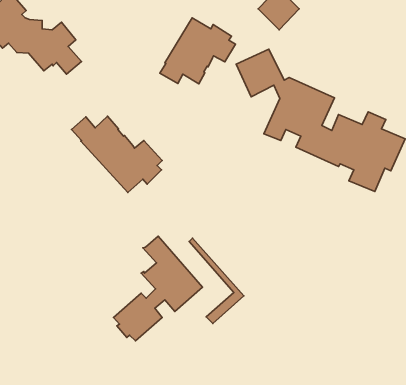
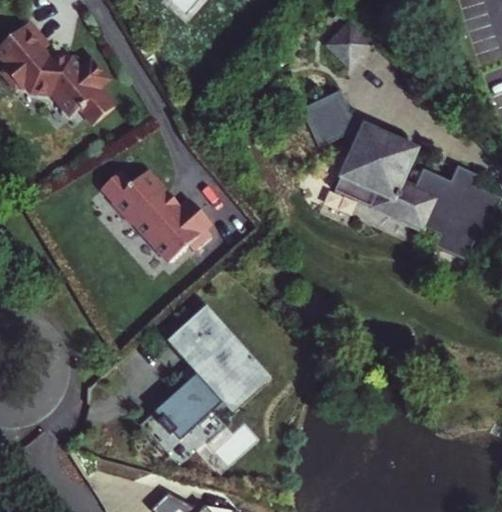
building: [160,18,235,84] -> none
building: [189,238,244,324] -> [205,309,270,411]

